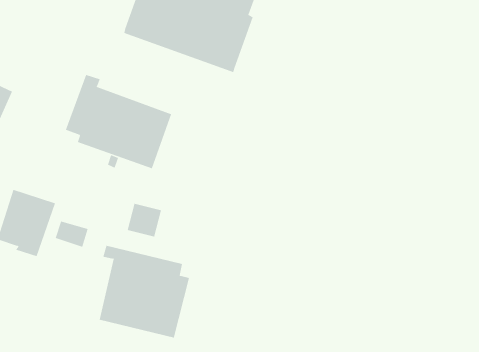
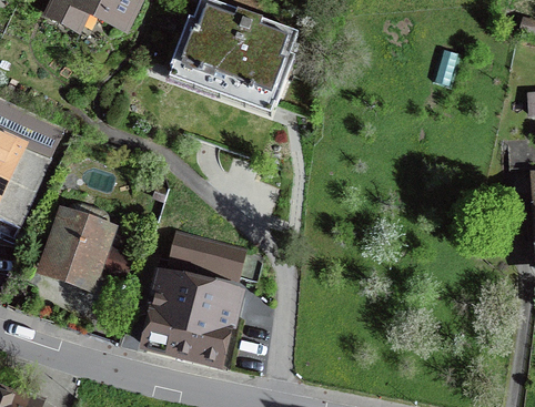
building: [65,74,172,169] -> none
building: none -> [198,238,262,278]

